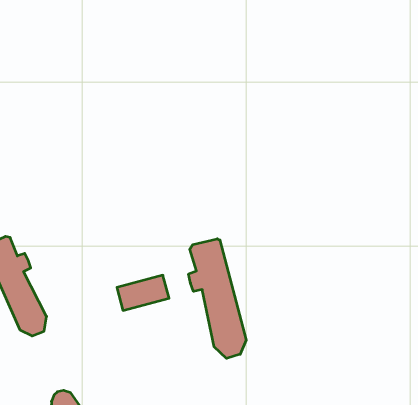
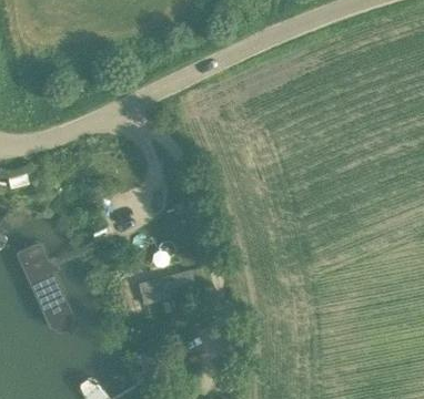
building: [189,239,246,358] -> none

